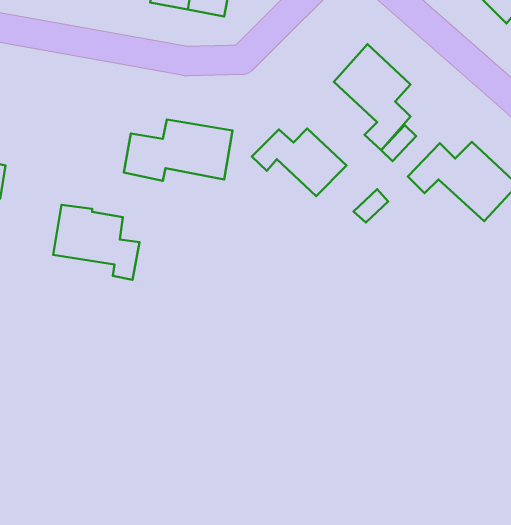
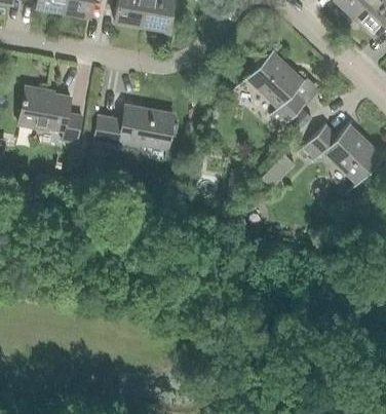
building: [252,129,347,196] -> none
building: [53,205,139,280] -> [20,89,83,145]

